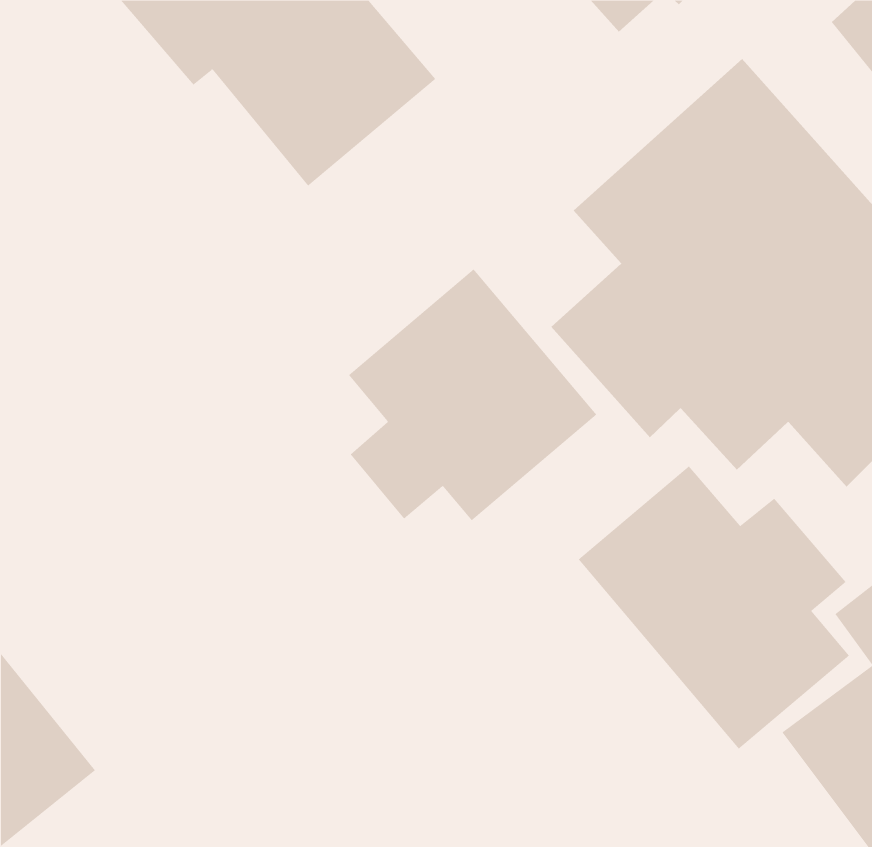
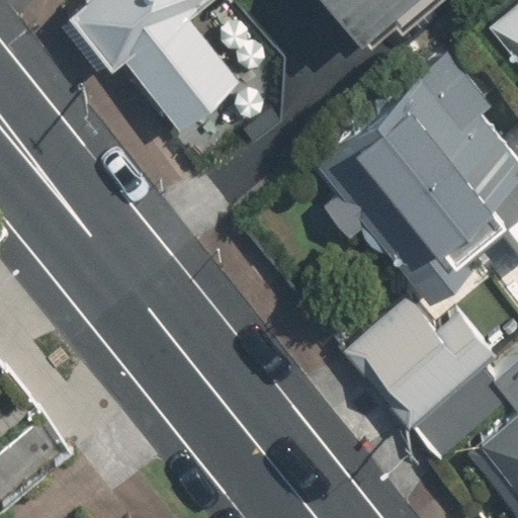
building: [348,269,597,521] -> none

